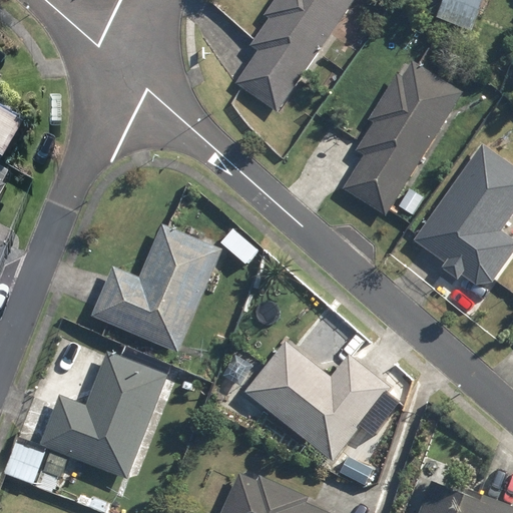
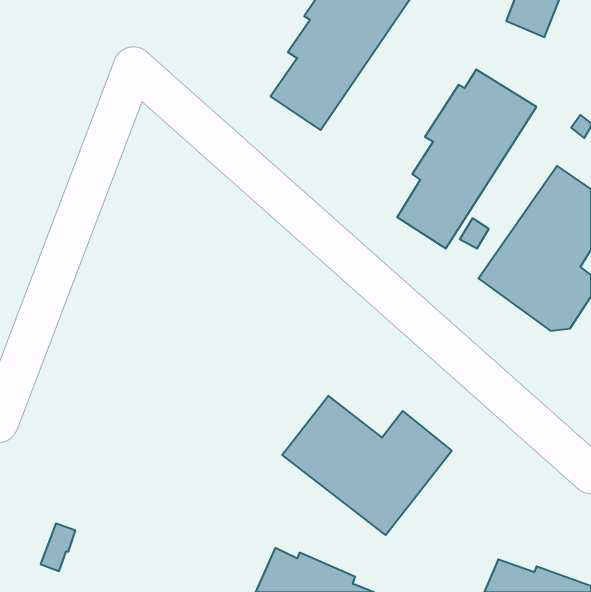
building: [90,223,221,354] -> none
building: [43,349,171,477] -> none

